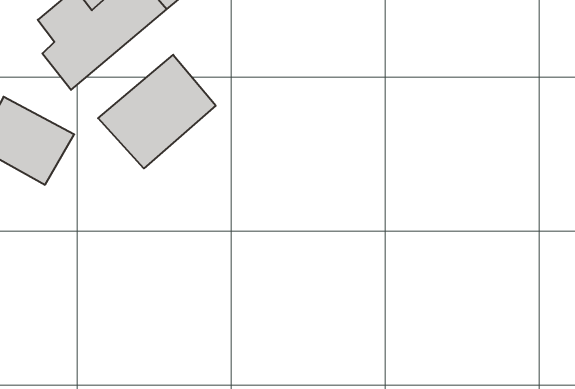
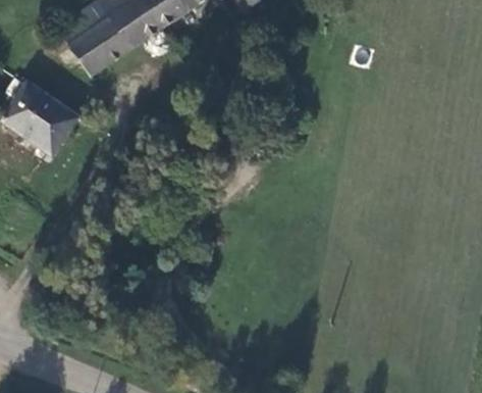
building: [98,55,216,168] -> none

